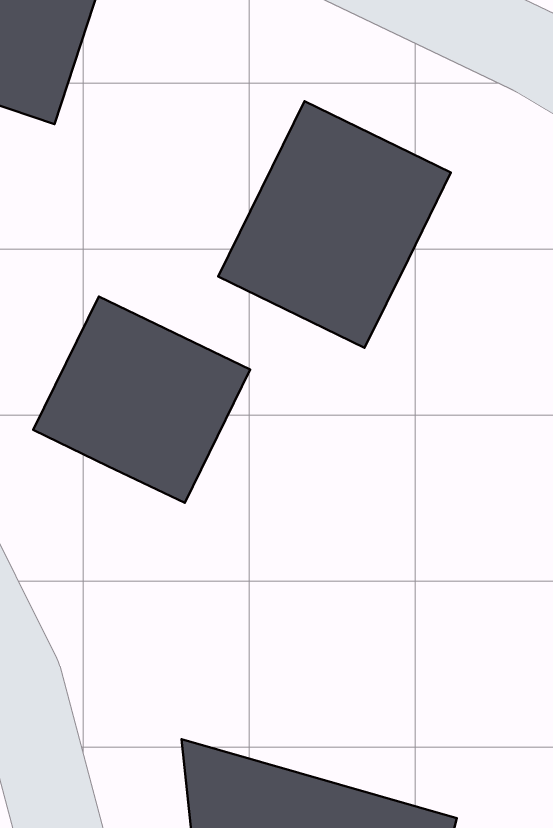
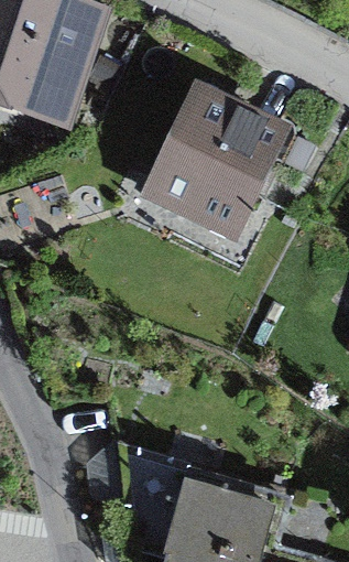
building: [33,296,250,503] -> none

